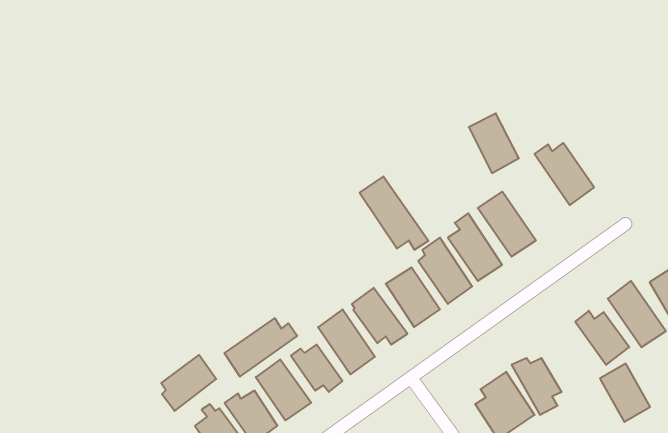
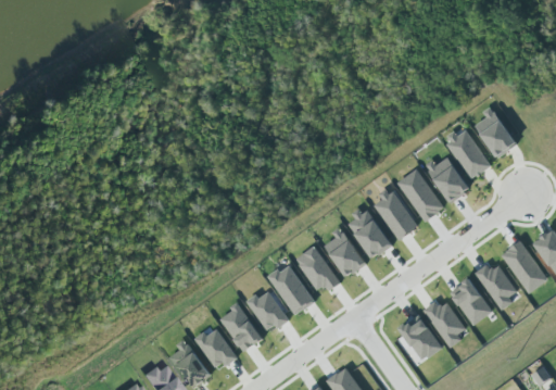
building: [469,113,519,173] -> [428,154,468,202]
building: none -> [471,109,517,156]
building: [360,176,428,250] -> none
building: [224,318,297,377] -> none
building: [161,355,216,411] -> none
building: [600,364,650,422] -> [451,278,491,325]

